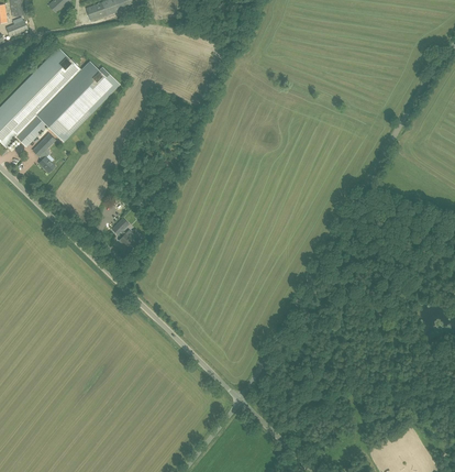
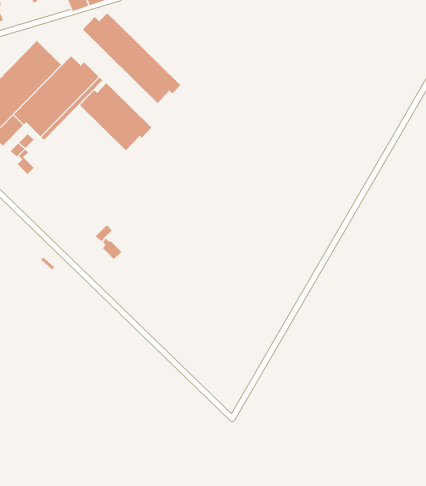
building: none -> [82,12,181,104]
building: none -> [79,83,152,151]

